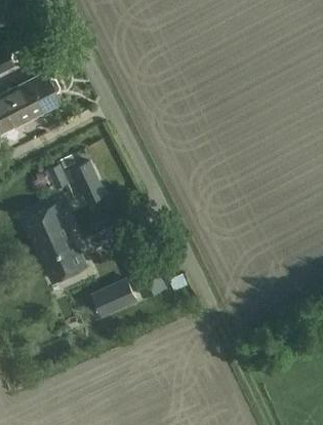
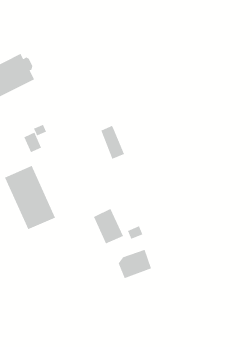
building: [76,161,105,201] -> [100,125,125,159]
building: [97,278,137,313] -> [118,249,152,279]

